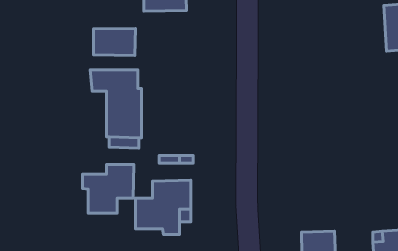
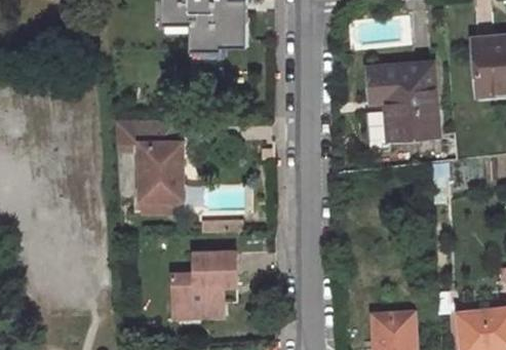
building: none -> [364,67,432,142]
building: [94,29,136,55] -> none
building: [83,164,134,213] -> none

